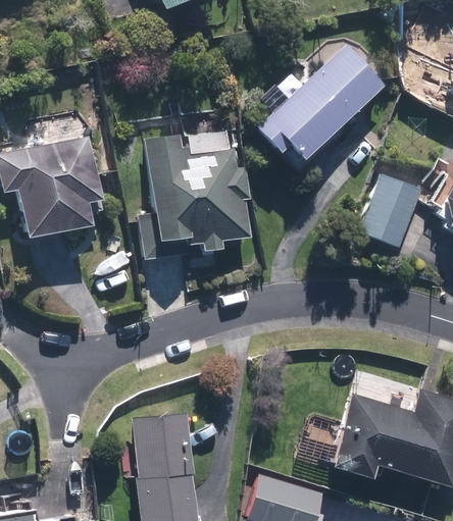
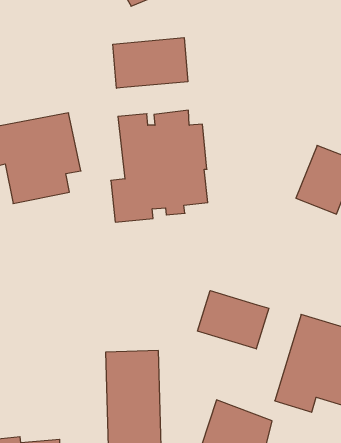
building: [251,41,388,177] -> none
building: none -> [113,38,188,88]
building: none -> [198,291,269,349]

